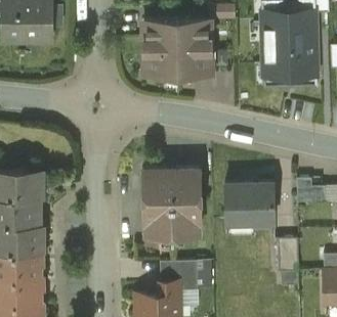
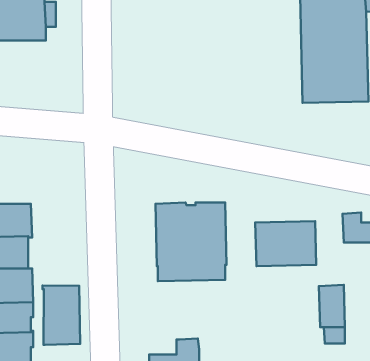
building: [143,20,210,74] -> none
building: none -> [42,285,80,345]
building: [160,263,197,292] -> none

